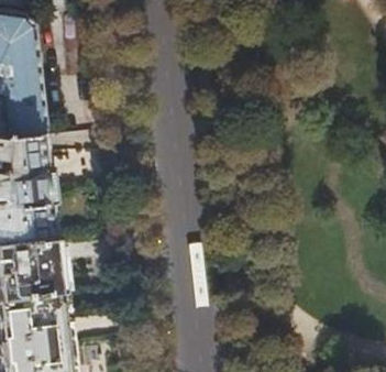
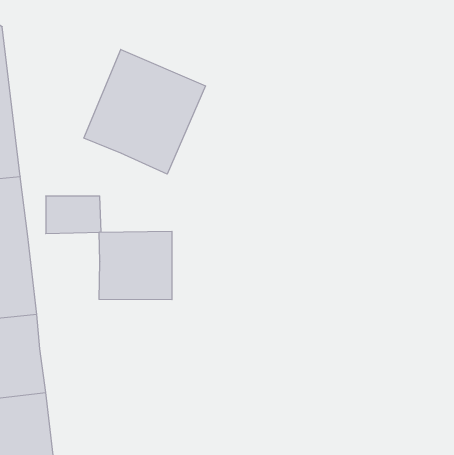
building: none -> [84,49,206,174]
building: none -> [99,231,172,300]

